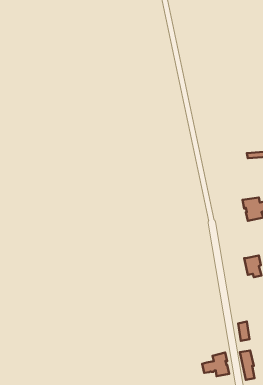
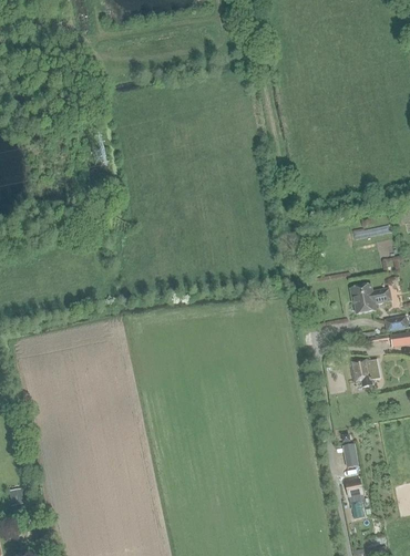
building: [202,352,229,376] -> none

